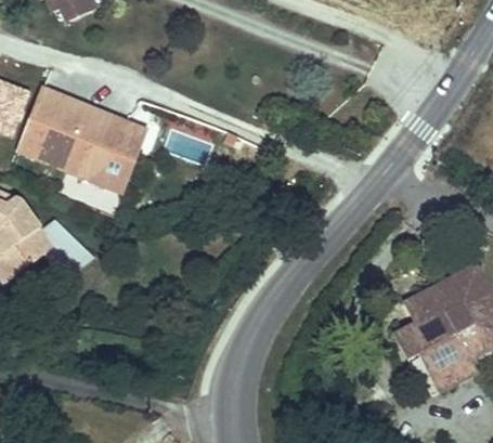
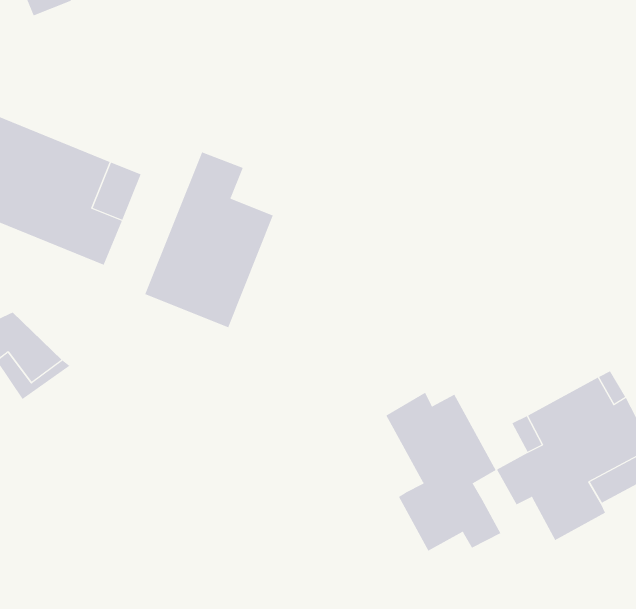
building: none -> [144,151,274,328]
building: none -> [385,392,501,552]

